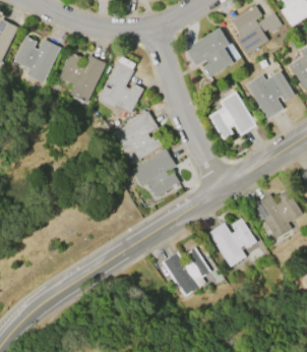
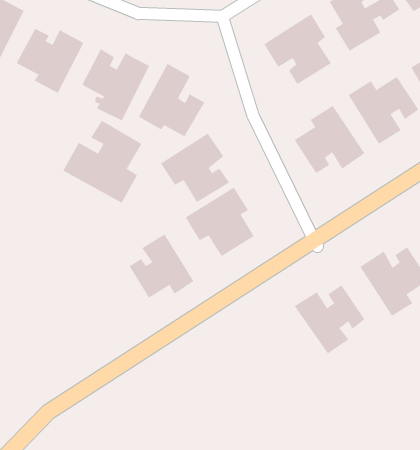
building: none -> [63,120,142,204]
building: none -> [129,233,194,298]
building: [162,247,210,296] -> none

